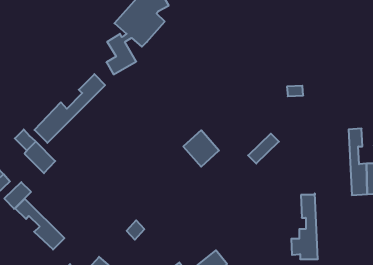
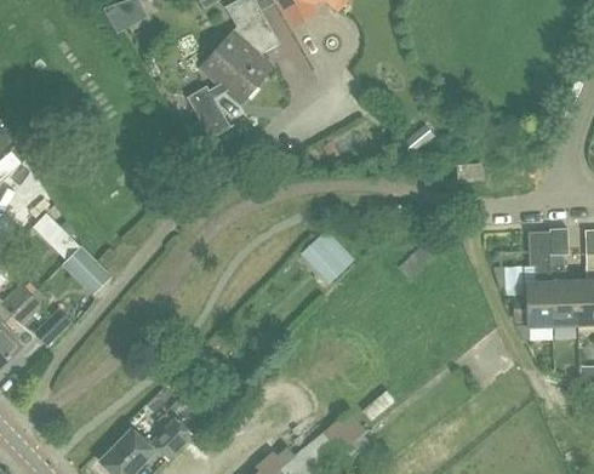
building: [34,74,105,143] -> none
building: [291,193,318,259] -> [513,229,553,327]
building: [15,199,64,250] -> none

